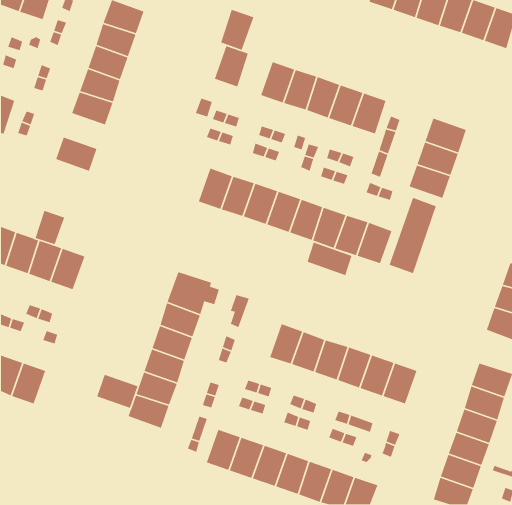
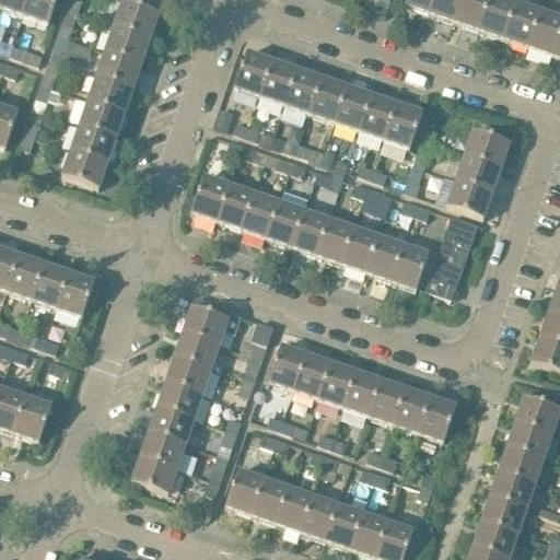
building: [220,9,254,51] -> [260,58,298,104]
building: none -> [70,124,116,162]
building: none -> [191,174,230,220]
building: [35,210,65,245] -> none
building: [307,242,353,276] -> none
building: none -> [268,343,307,389]
building: [96,374,138,409] -> [131,454,177,492]

